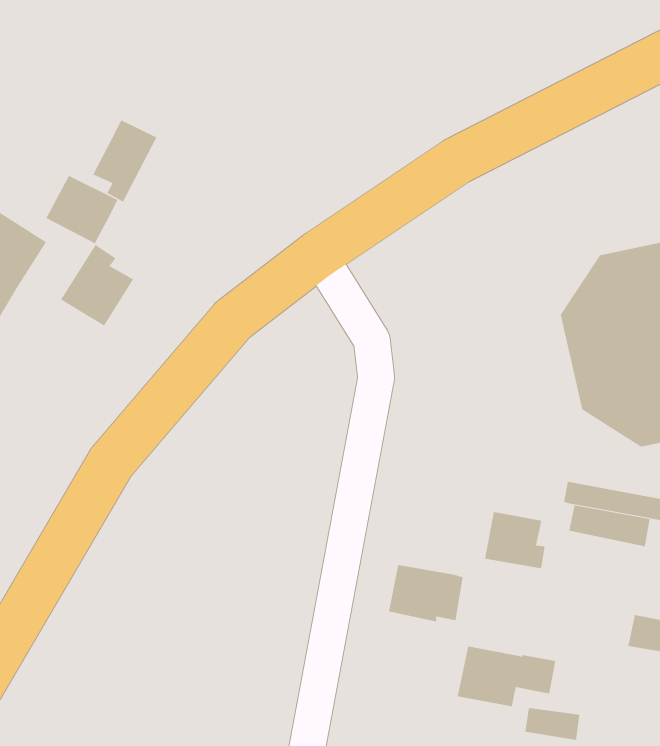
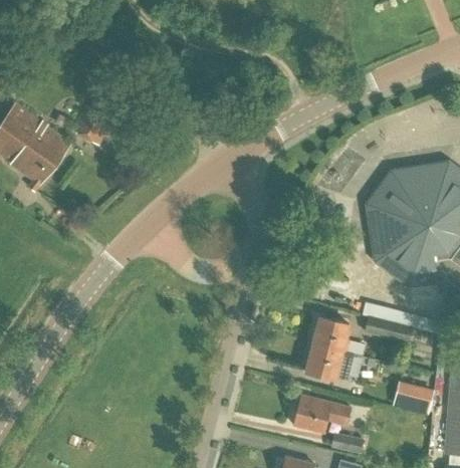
building: [93,119,157,202] -> none
building: [60,244,134,327] -> none
building: [388,564,464,622] -> [306,344,352,380]

